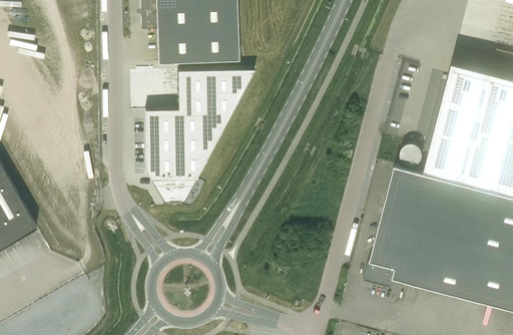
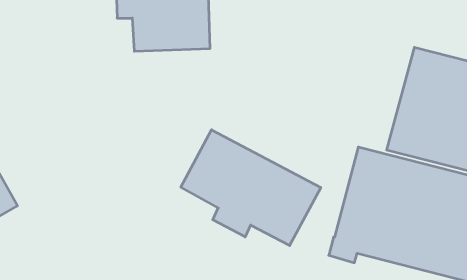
building: [144,71,253,203] -> none
building: none -> [181,130,321,246]

